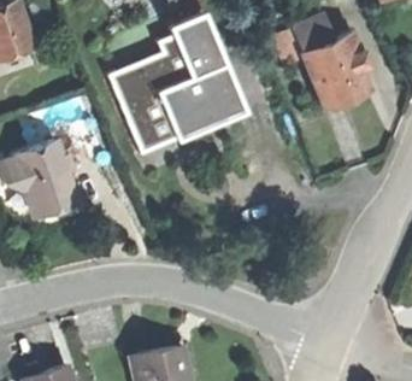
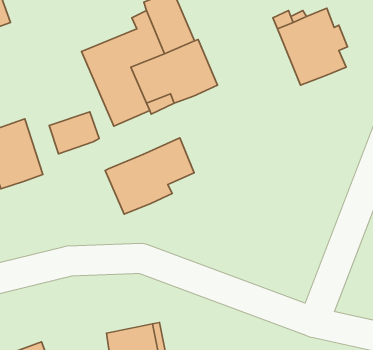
building: none -> [49,112,99,154]
building: none -> [105,138,194,214]

